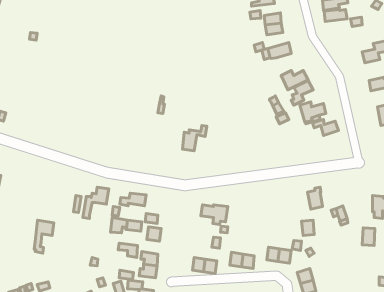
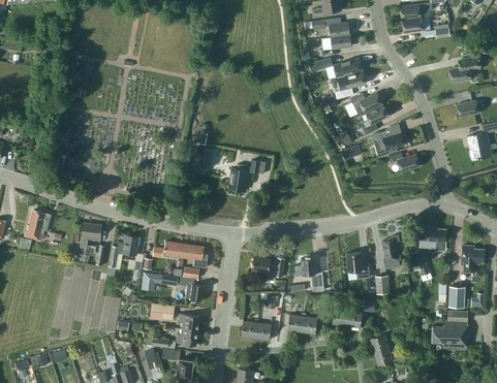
building: none -> [334,71,366,99]
building: none -> [24,210,51,241]
building: none -> [418,224,445,248]
building: none -> [182,244,207,267]
building: none -> [345,252,369,279]
building: none -> [300,257,323,291]
building: [34,220,54,253] -> [77,222,101,262]
building: none -> [431,311,467,350]

